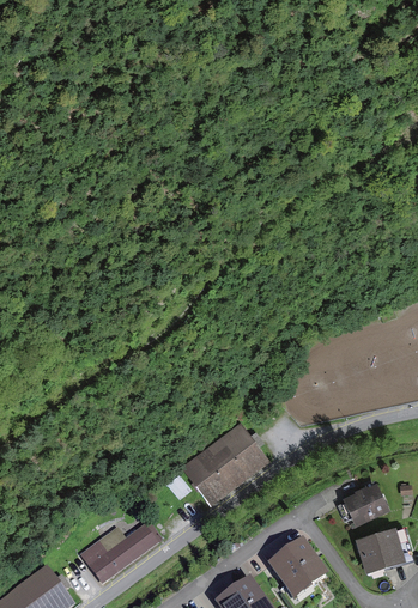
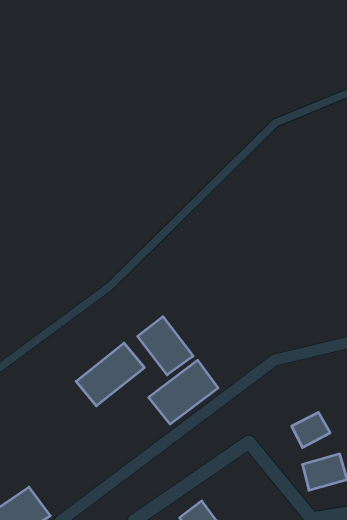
building: none -> [138,317,193,375]
building: [78,513,155,584] -> [76,343,144,406]
building: [269,543,323,598] -> none

